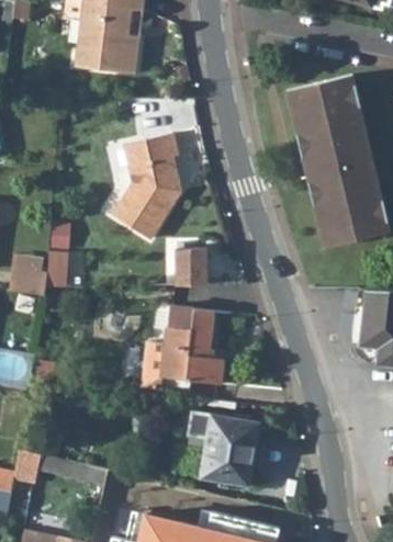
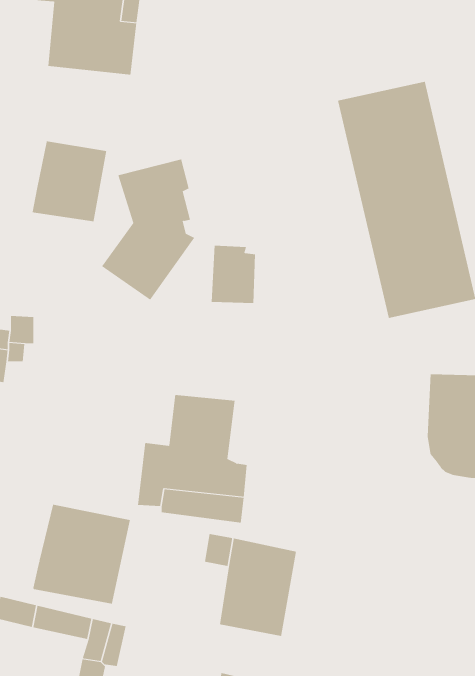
building: none -> [32,140,107,222]
building: [175,245,207,287] -> [211,245,256,304]
building: none -> [32,504,131,605]

